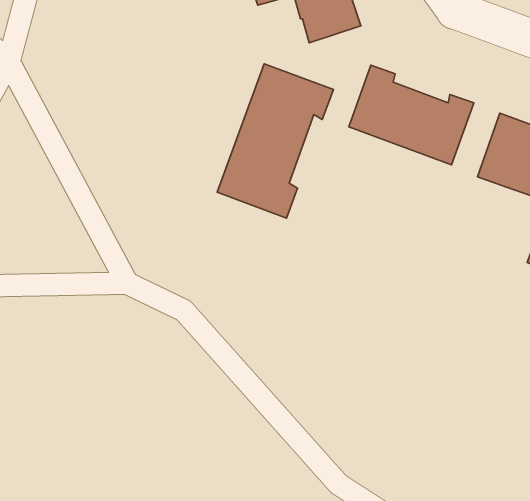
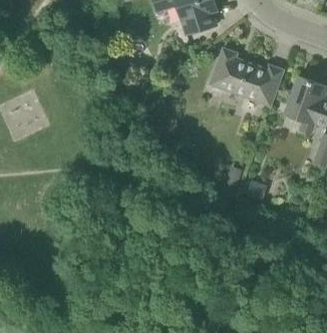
building: [217,64,333,218] -> none

